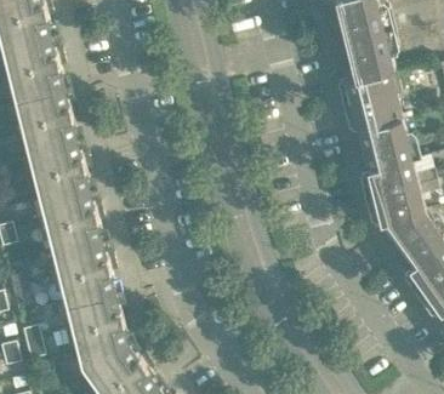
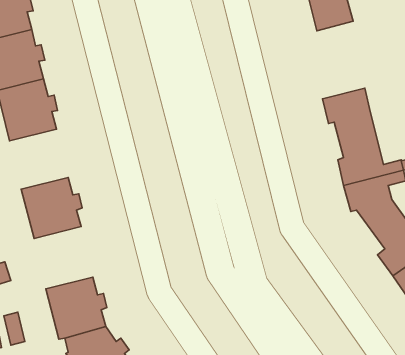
building: [343,24,399,104] -> none
building: [27,136,90,198] -> none
building: [52,236,114,301] -> none

